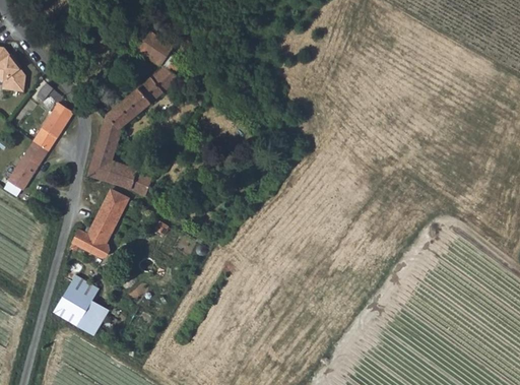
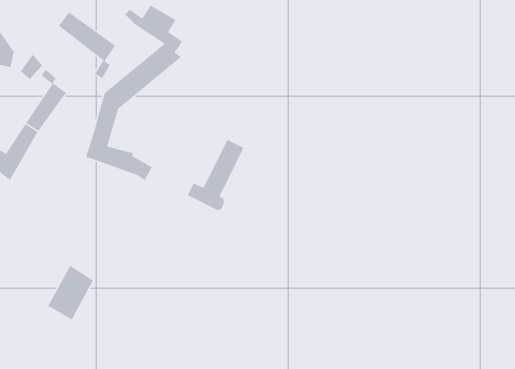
building: none -> [58,12,116,79]
building: [75,189,129,256] -> [187,139,244,211]
building: [77,303,106,335] -> none

